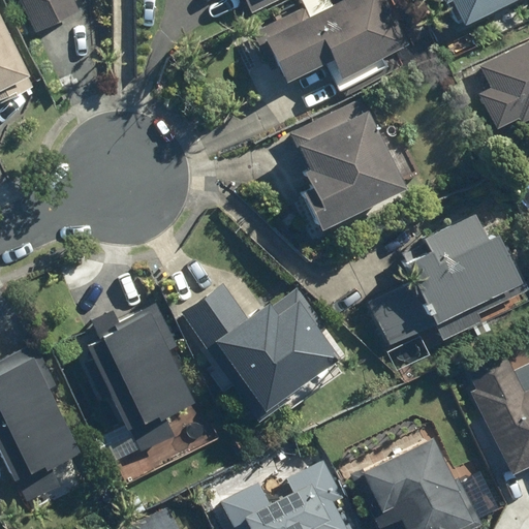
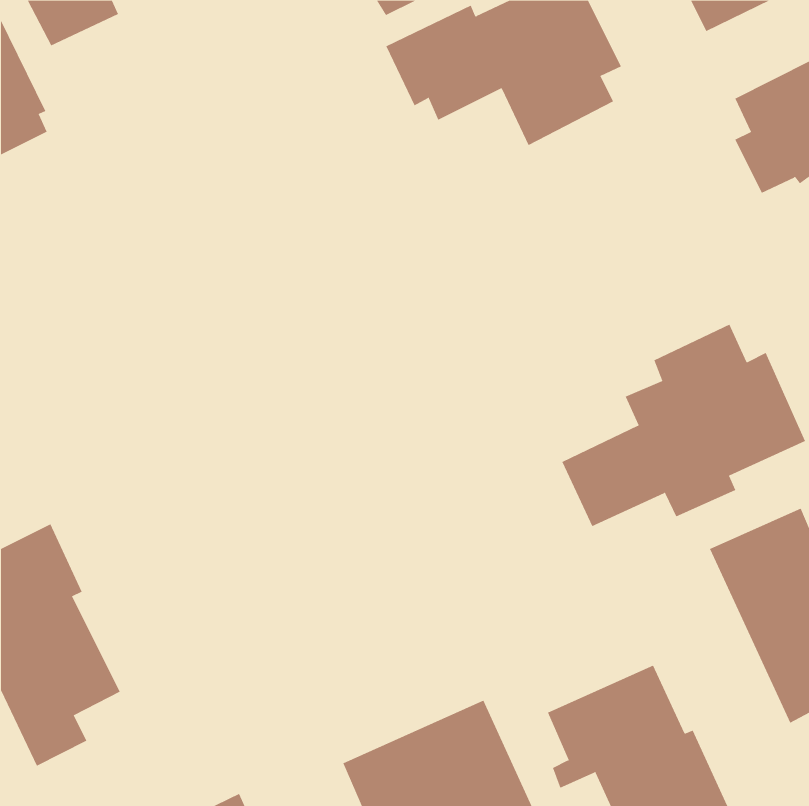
building: [289,99,404,230] -> none
building: [181,284,341,422] -> none
building: [82,305,194,452] -> none

